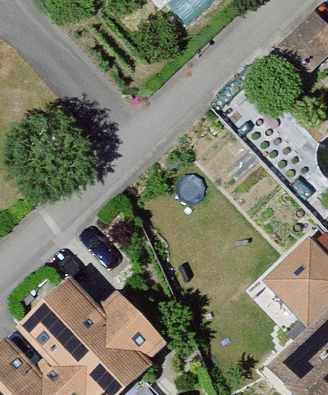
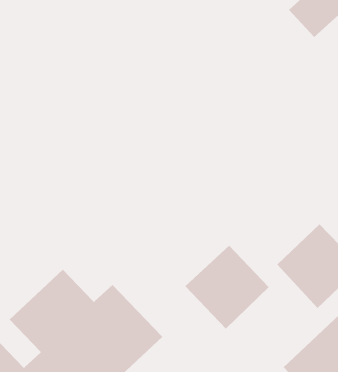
building: none -> [185,245,269,330]

